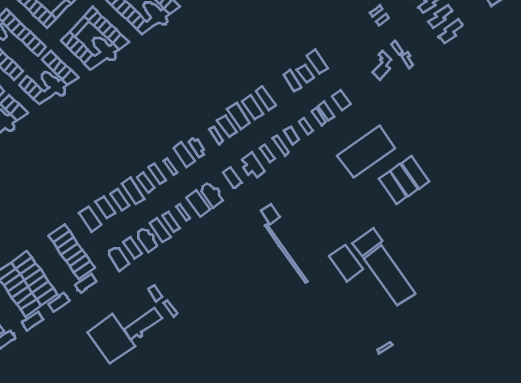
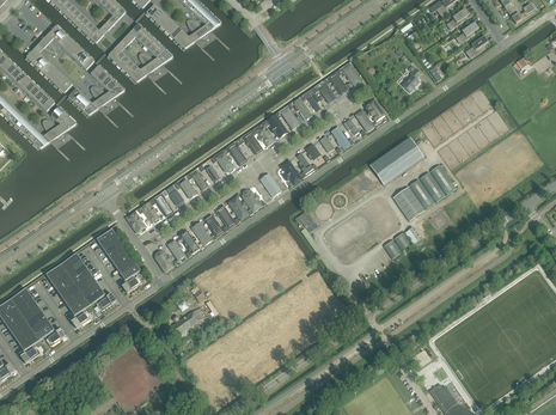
building: [329,245,363,282] -> [392,185,424,220]
building: [364,245,415,305] -> none
building: [87,314,135,363] -> none

